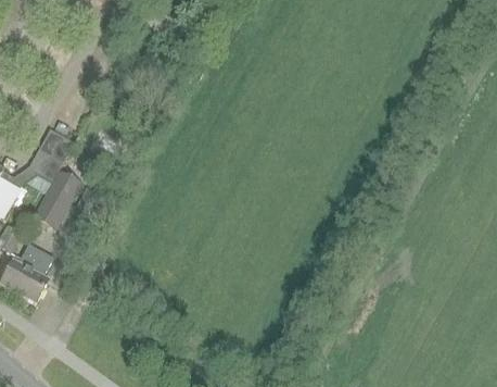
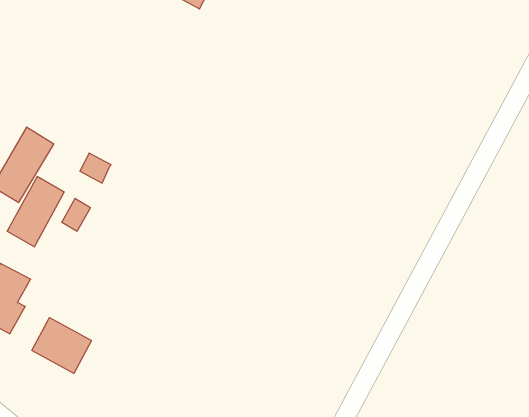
building: none -> [32,318,91,373]

